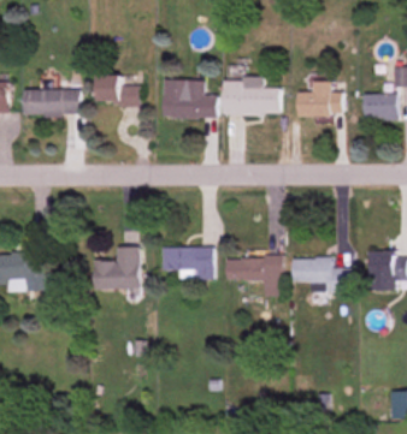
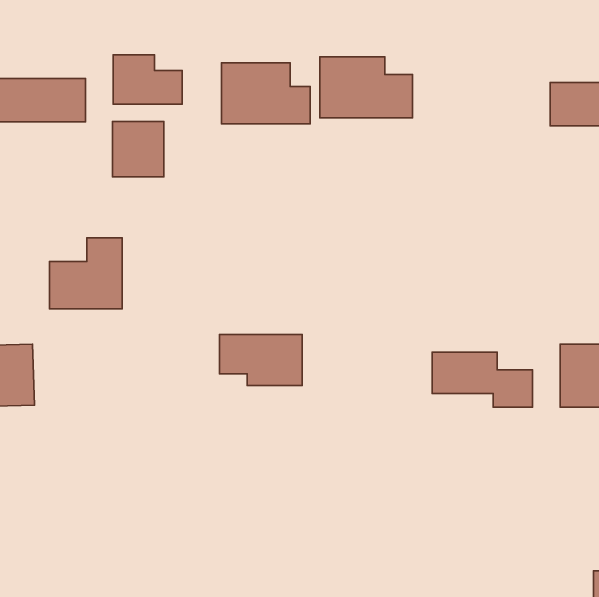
building: [297,82,341,115] -> none
building: none -> [112,122,164,177]
building: [94,246,138,290] -> [49,238,122,309]
building: [226,256,282,296] -> none

